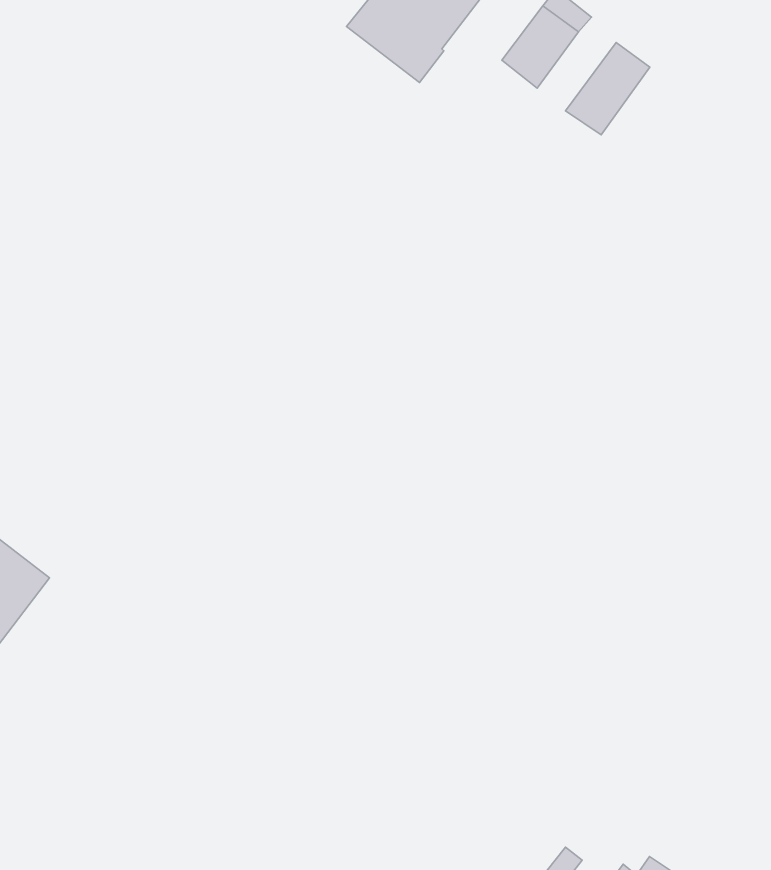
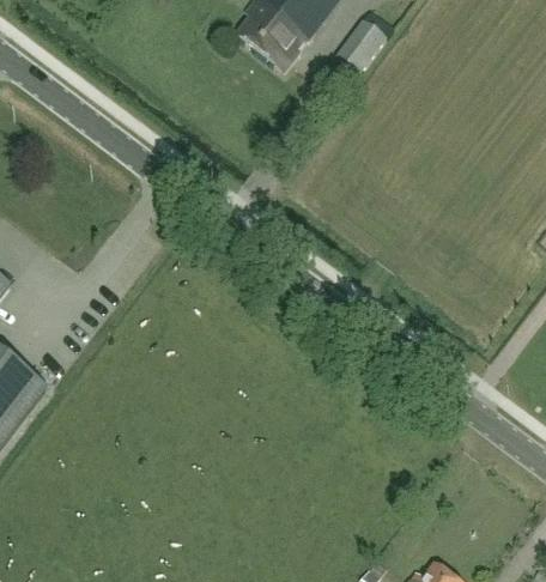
building: [566,42,650,135] -> none

